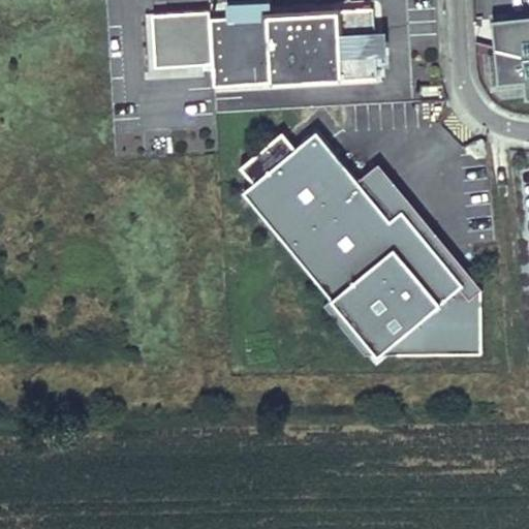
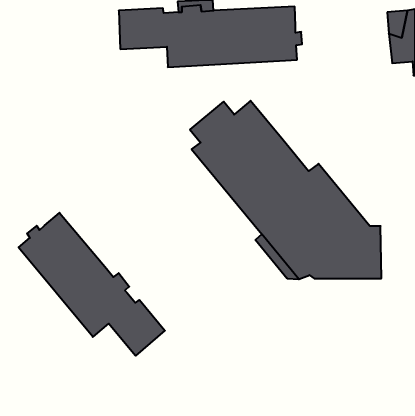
building: [357,163,480,288] -> none
building: none -> [19,213,165,356]

